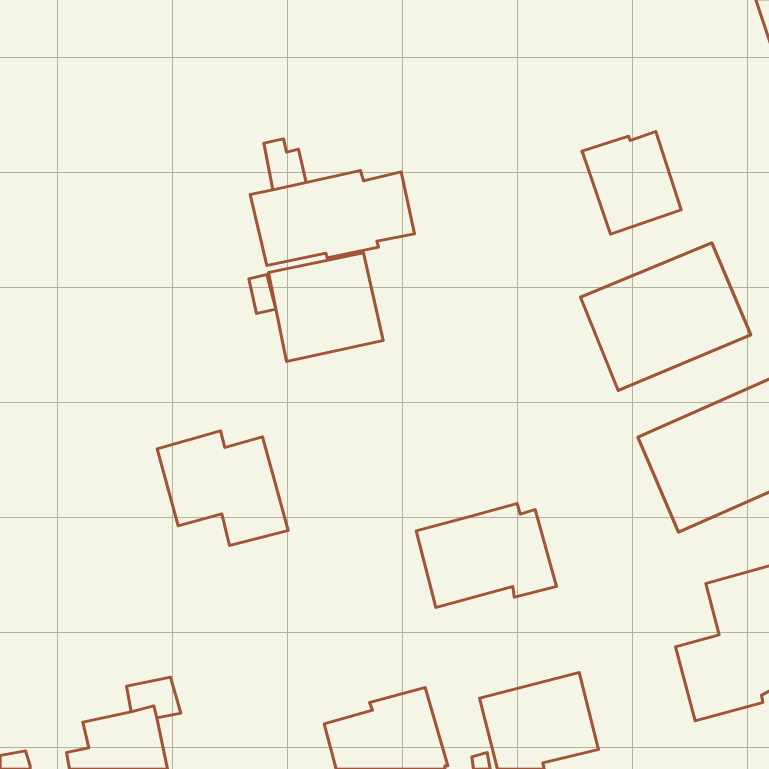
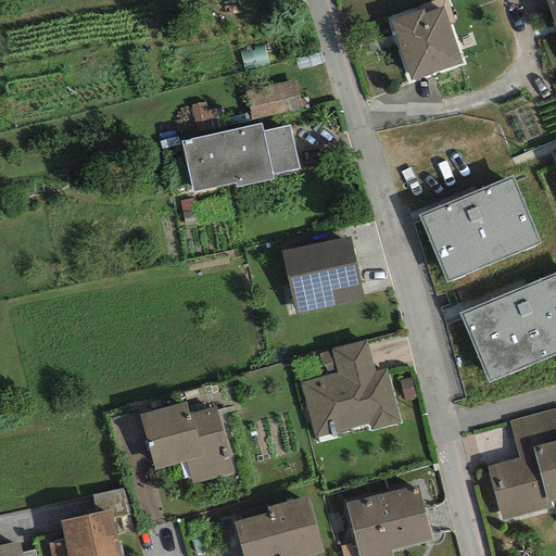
building: none -> [245,79,303,119]
building: [582,131,681,234] -> [391,5,463,79]
building: [268,253,383,362] -> [282,236,365,314]
building: [157,431,288,545] -> [140,401,235,483]
building: none -> [319,338,374,372]

